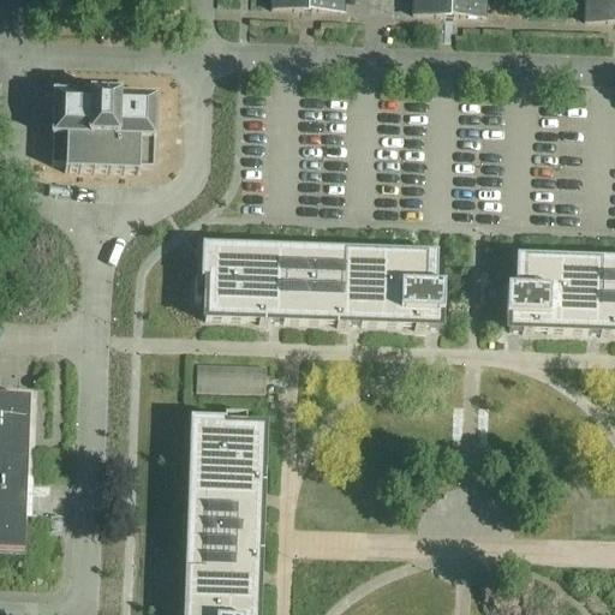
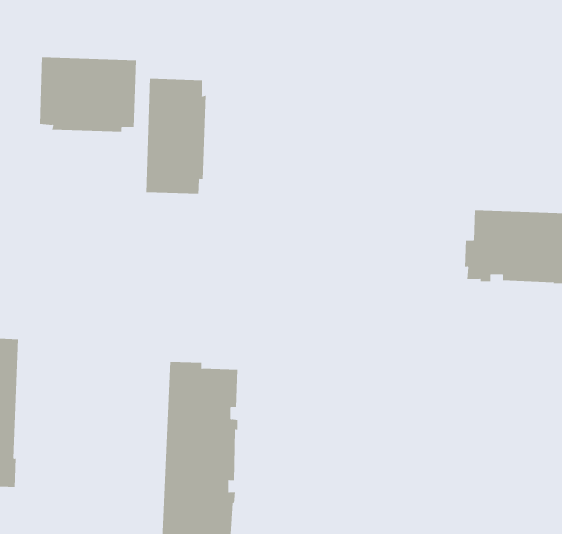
building: none -> [146,78,206,194]
building: [199,239,443,323] -> none

